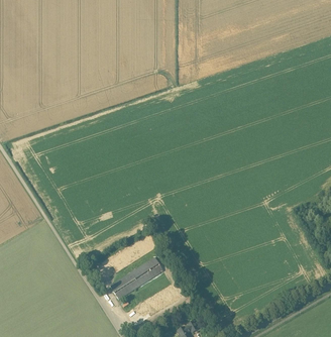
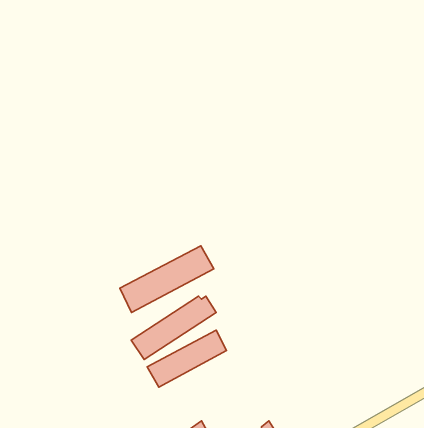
building: none -> [120,246,214,313]

